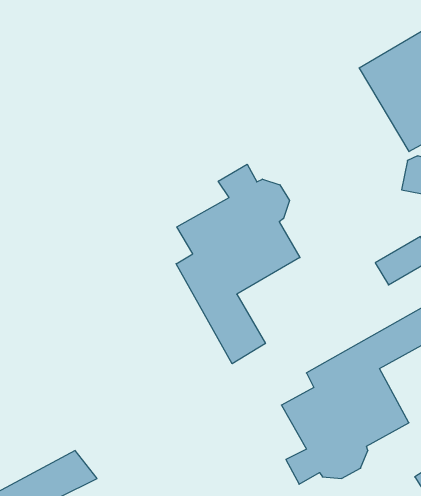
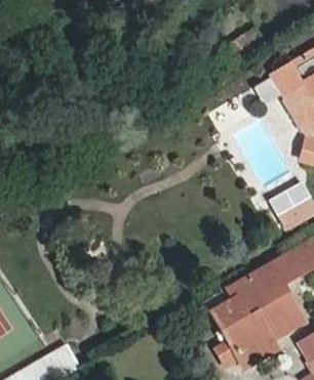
building: [176,164,300,364] -> none

